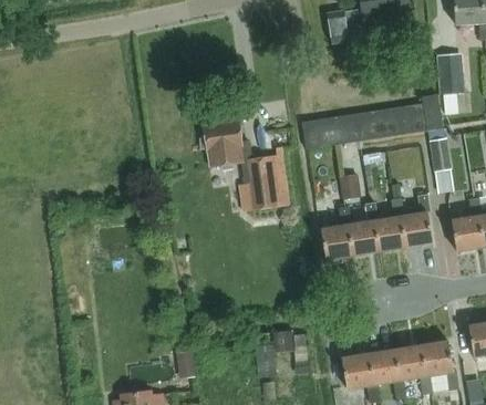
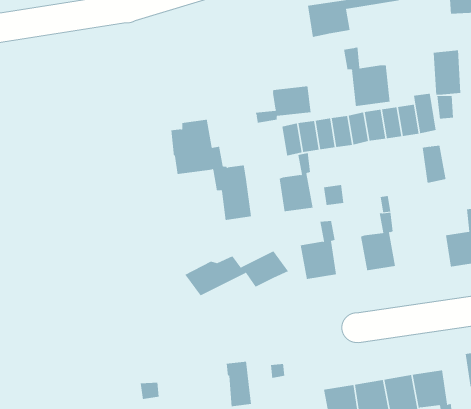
building: none -> [344,46,390,107]
building: none -> [255,85,311,123]
building: [401,195,432,248] -> none
building: [349,202,380,256] -> [279,152,313,212]
building: none -> [184,250,289,296]

